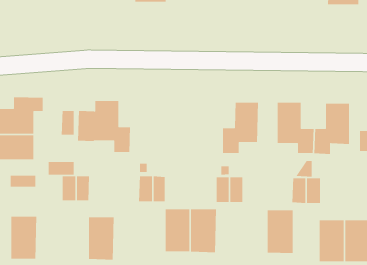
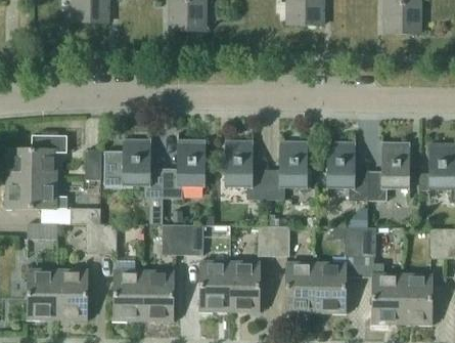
building: none -> [163,140,206,199]
building: none -> [224,140,266,200]
building: none -> [287,262,316,311]
building: none -> [57,269,88,318]
building: none -> [144,270,174,319]

